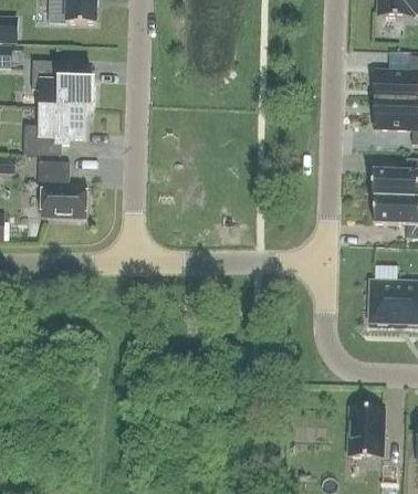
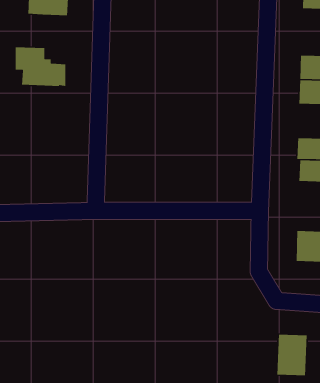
building: [23,106,86,155] -> none
building: [38,160,86,218] -> none

